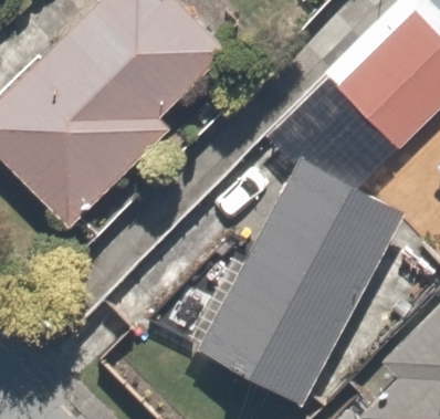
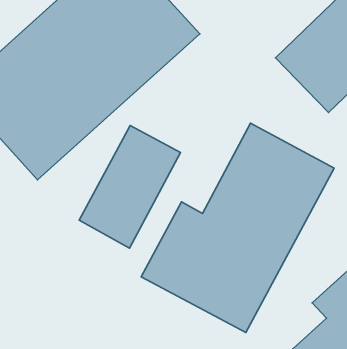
building: none -> [79,125,181,248]

